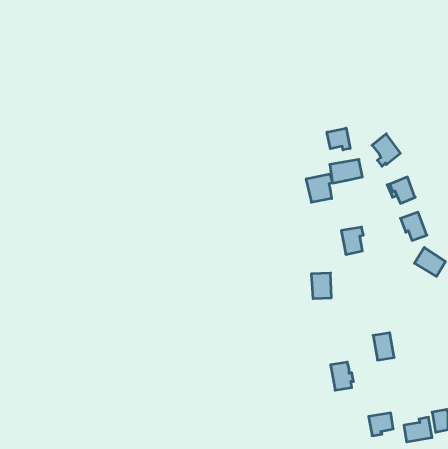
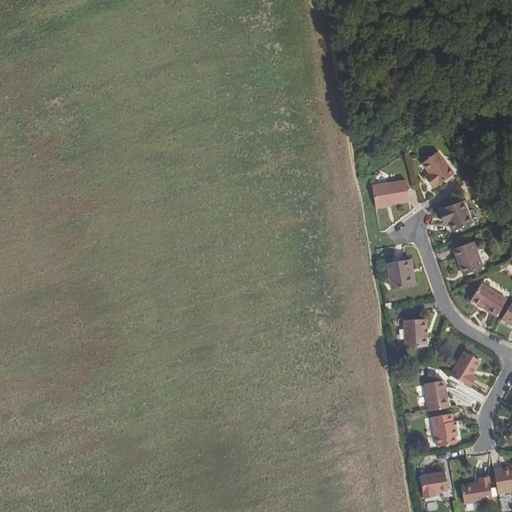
building: [327,128,350,150] -> none
building: [306,174,332,202] -> none
building: [311,273,331,299] -> [403,317,426,346]
building: none -> [447,350,477,385]
building: [331,362,354,390] -> [431,412,457,444]

